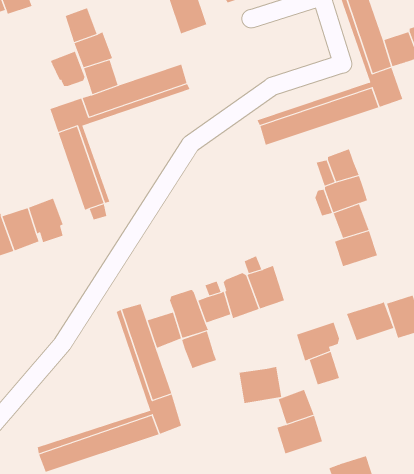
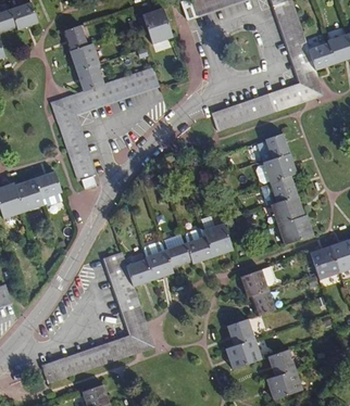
building: [50,51,85,87] -> none
building: [346,301,394,341] -> [277,214,314,244]
building: [182,331,217,369] -> none
building: [239,366,282,404] -> none
building: none -> [268,348,296,376]

